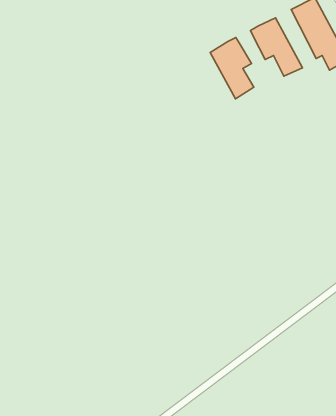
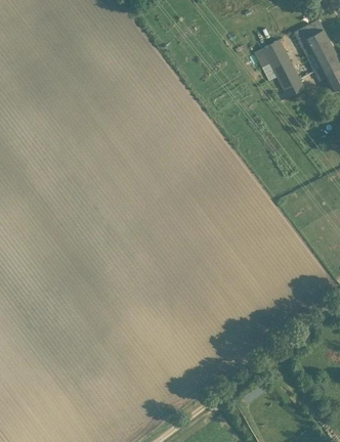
building: [210,37,254,99] -> none

